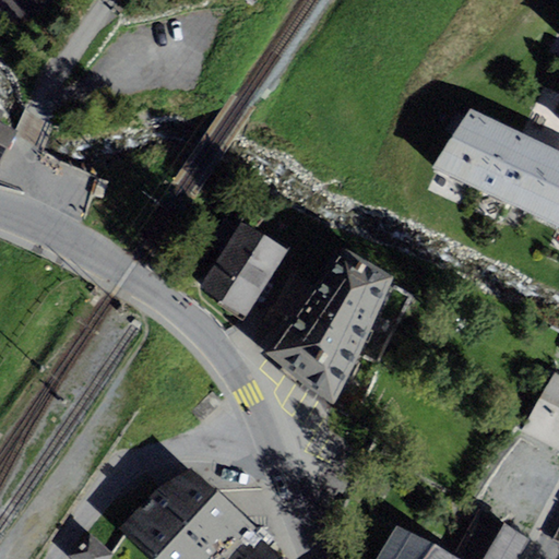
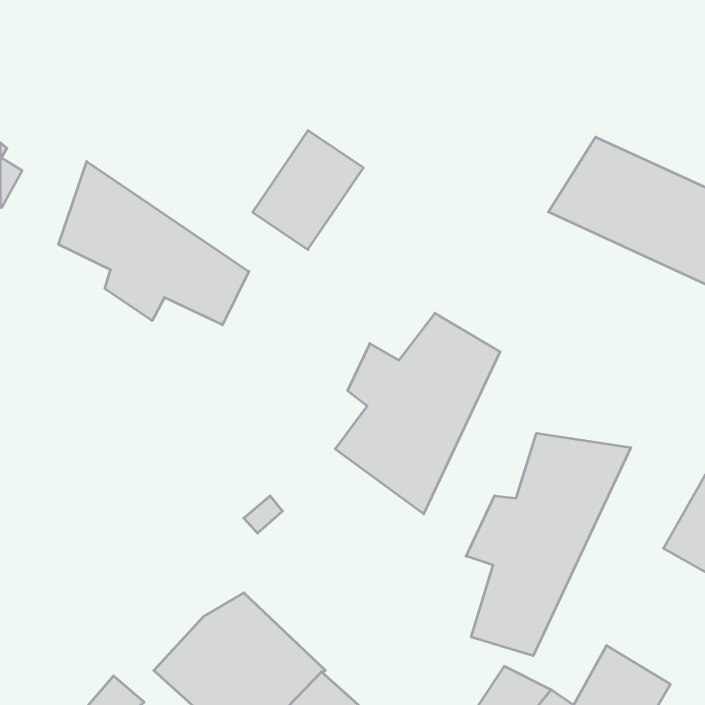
building: none -> [58,161,249,325]
building: [201,224,288,318] -> [253,130,363,250]
building: none -> [466,433,631,656]

